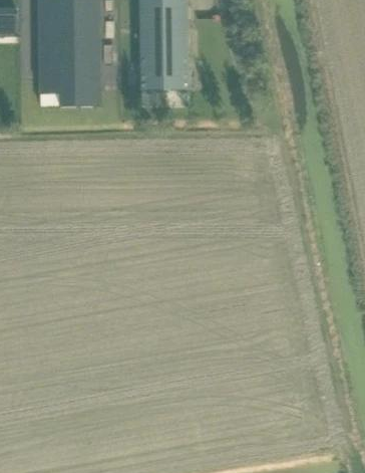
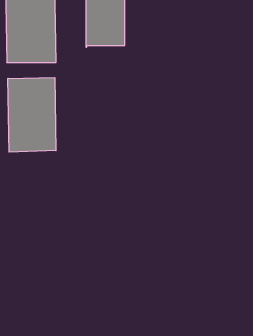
building: none -> [8,78,56,152]

